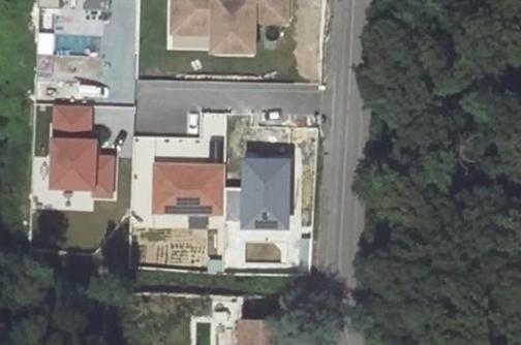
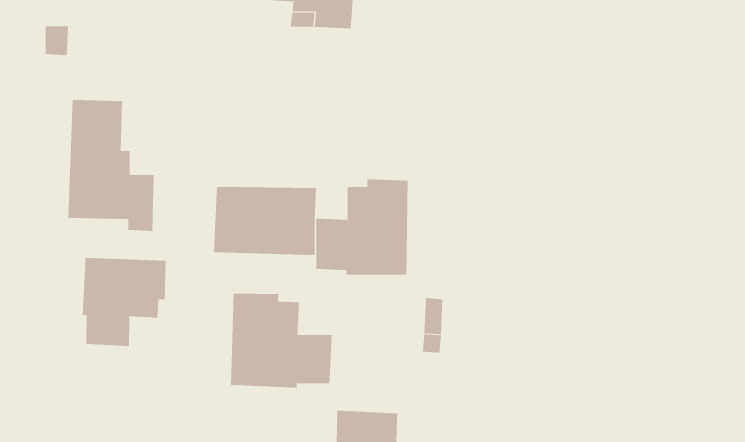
building: none -> [82,257,166,347]
building: none -> [230,293,332,388]

